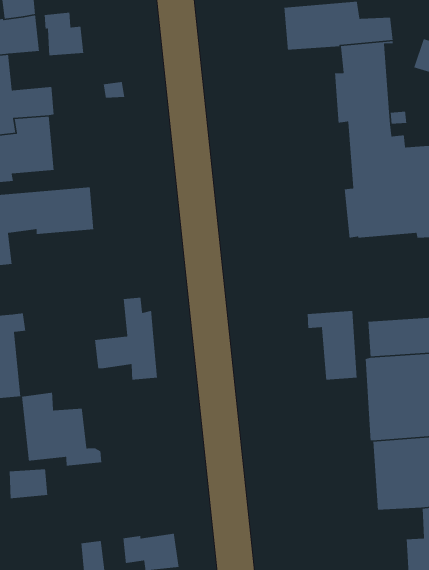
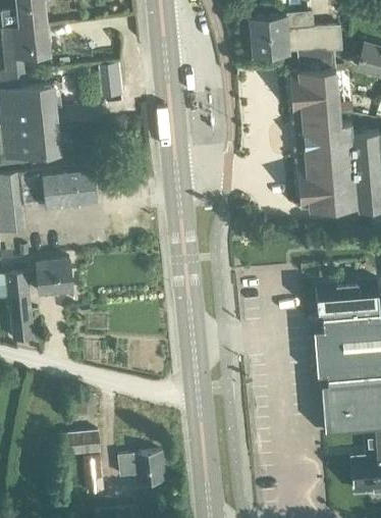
building: [44,12,84,56] -> none
building: [94,297,158,380] -> none
building: none -> [36,260,72,295]
building: [307,310,358,381] -> none
building: [21,392,102,467] -> none
building: [9,468,48,499] -> [67,431,100,457]

